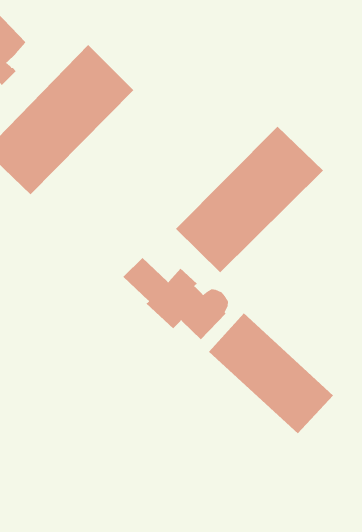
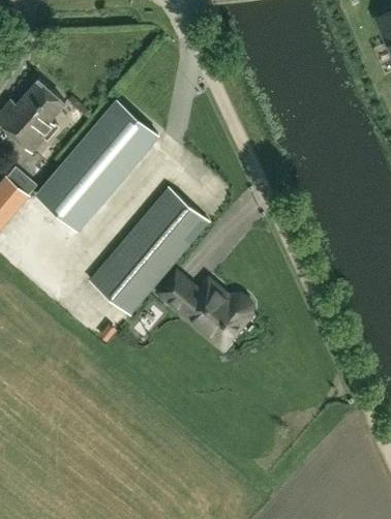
building: [175,126,324,273] -> [89,189,209,315]
building: [208,312,334,434] -> none

